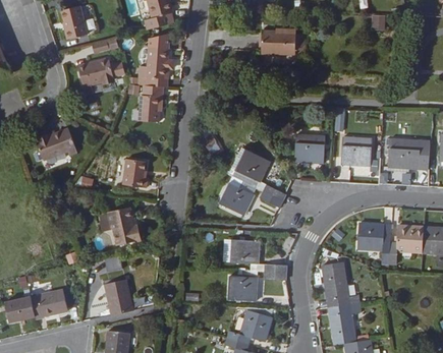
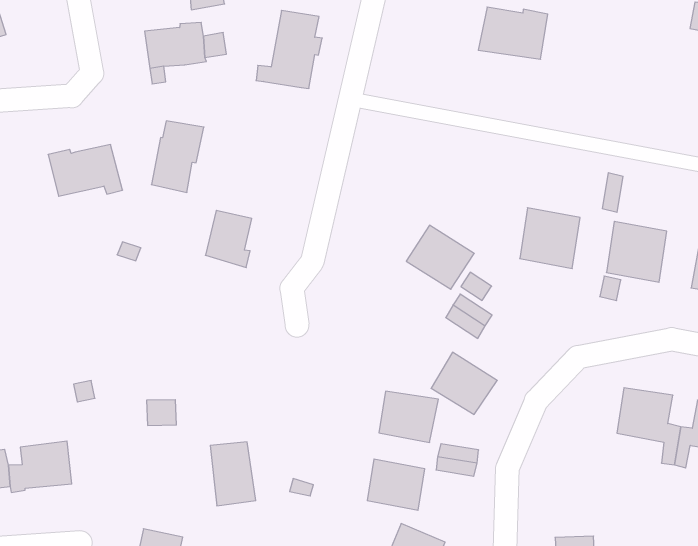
building: [143,83,167,120] -> [151,121,204,192]
building: [218,183,253,215] -> [431,352,497,414]
building: [108,203,142,241] -> none
building: [324,267,349,307] -> none
building: [107,276,134,311] -> [210,442,256,506]

